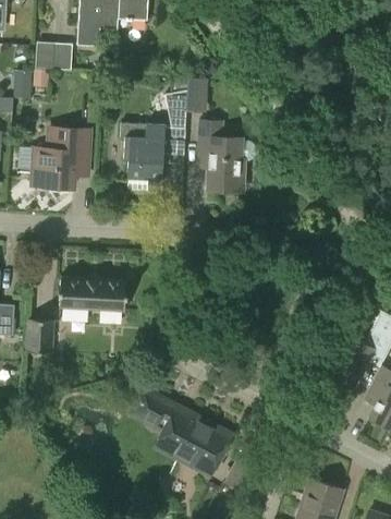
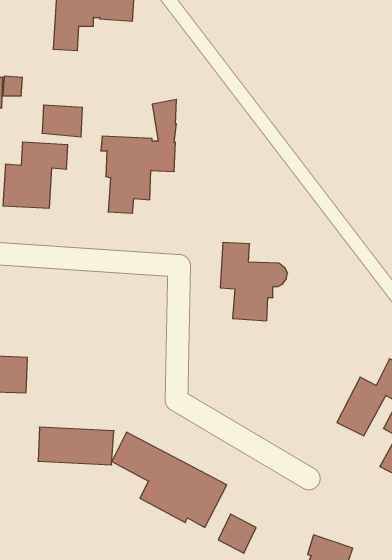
building: [35,43,71,71] -> [42,105,83,137]
building: [185,77,207,113] -> none
building: [196,121,256,191] -> [220,243,288,321]
building: [59,277,126,311] -> [38,427,114,465]

